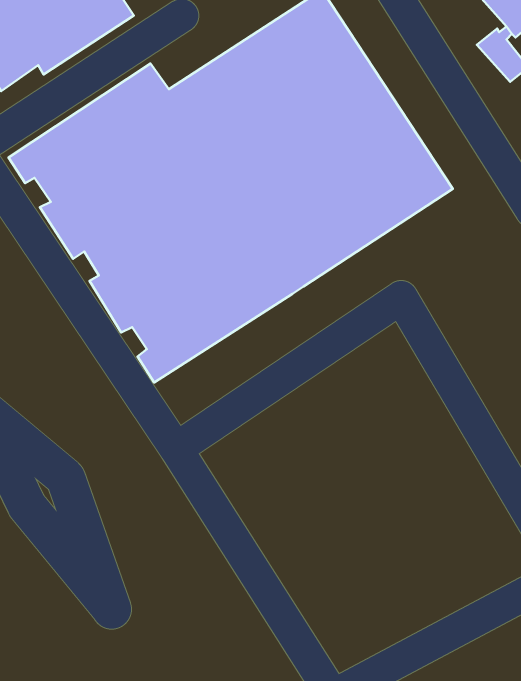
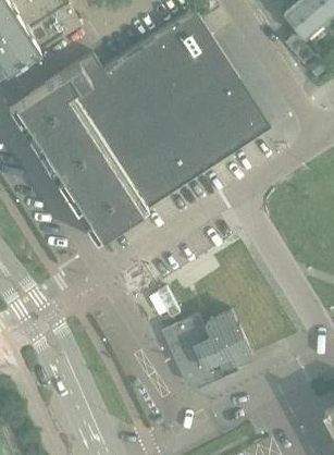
building: none -> [170,312,253,389]

